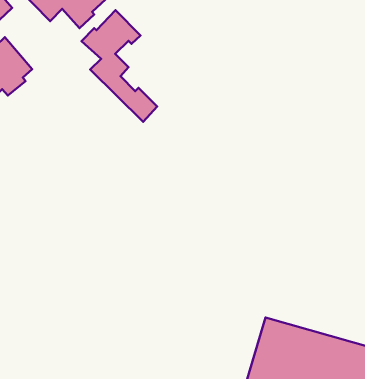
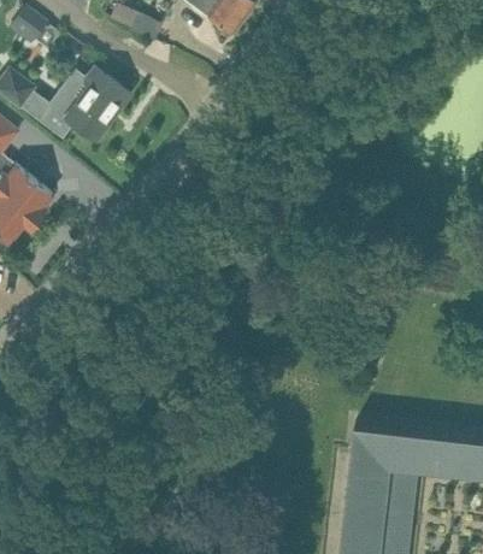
building: [82,10,157,122] -> none

